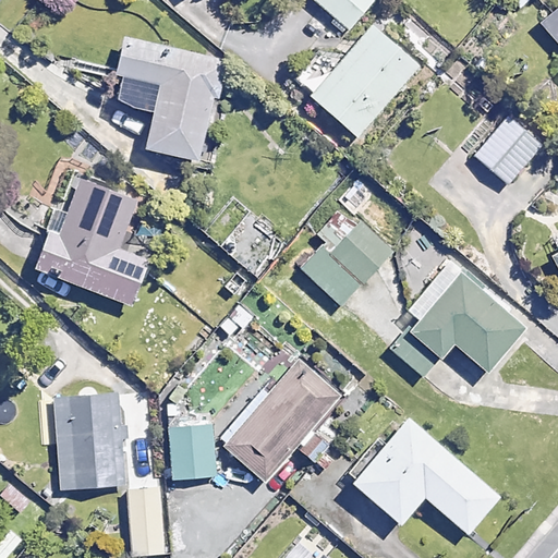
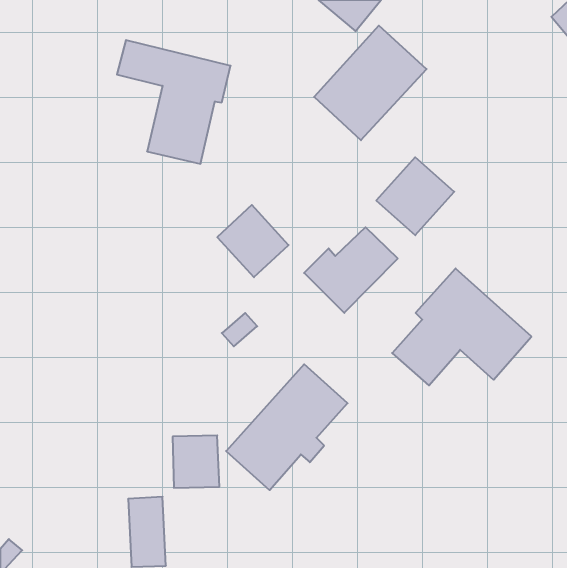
building: [470,108,546,184] -> [376,157,454,235]
building: [34,180,147,306] -> none
building: [56,395,128,488] -> none
building: [352,417,498,534] -> none

